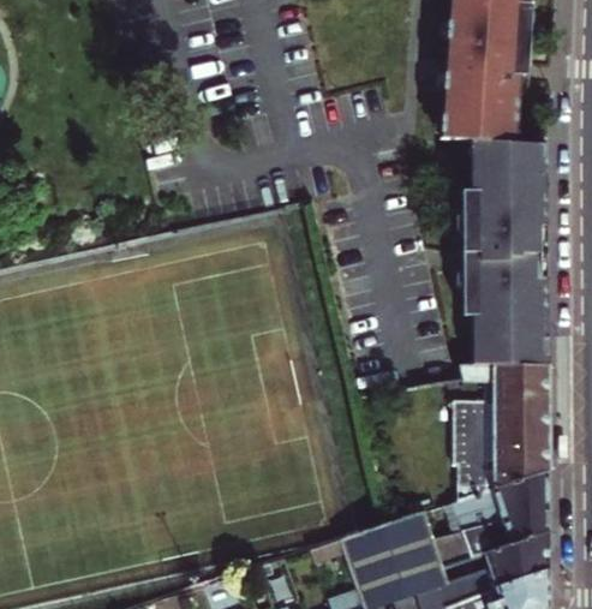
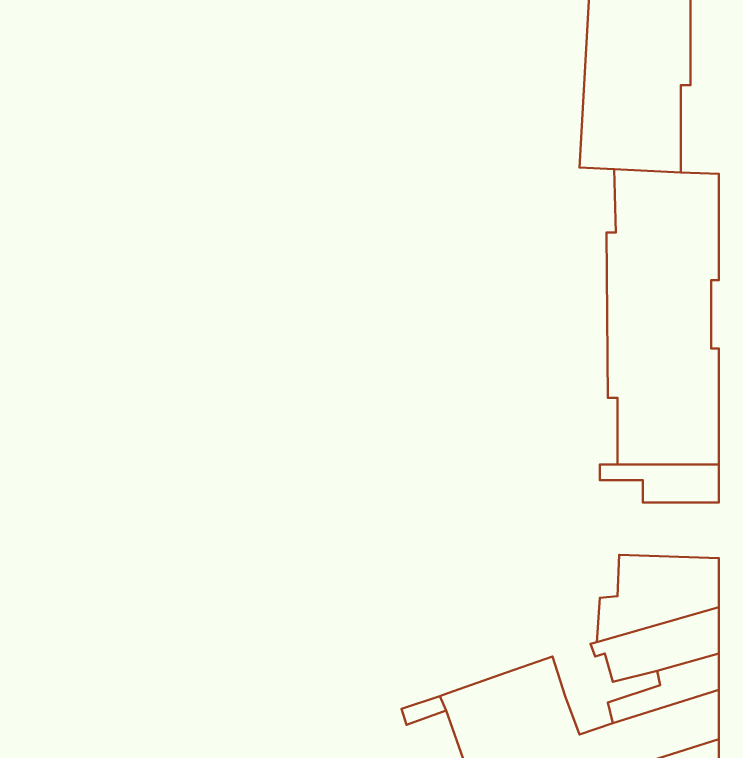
building: [450,396,549,438] -> none
building: [432,524,504,572] -> none

